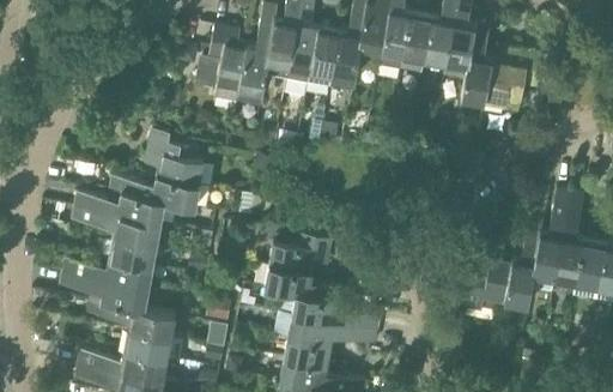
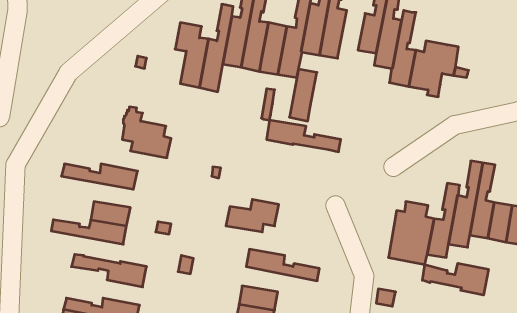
building: [400,13,432,74] -> [289,69,317,121]
building: [110,179,199,209] -> none
building: [72,209,159,246] -> none
building: [265,267,352,304] -> [267,120,341,152]
building: [60,273,147,312] -> none
building: none -> [422,263,488,295]
building: [287,315,376,345] -> none
building: [123,331,181,362] -> none

